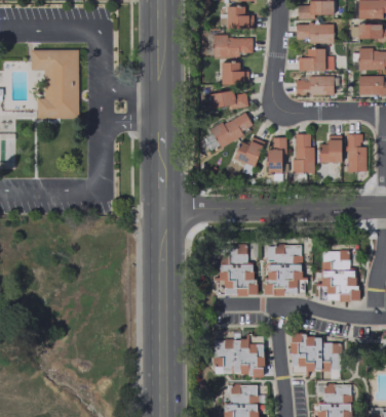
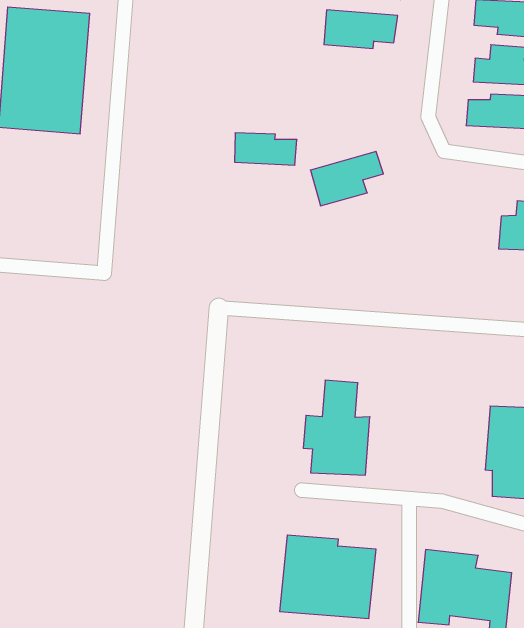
building: [221,62,248,84] -> none
building: [211,91,246,109] -> [235,133,297,165]
building: [294,133,313,173] -> none
building: [233,137,264,167] -> none
building: [268,137,284,173] -> none
building: [266,245,305,295] -> none

